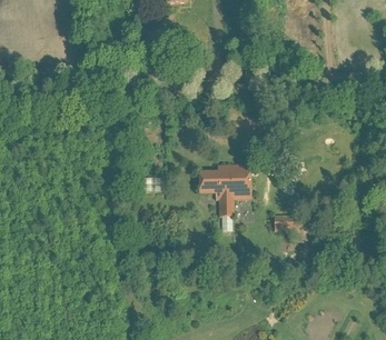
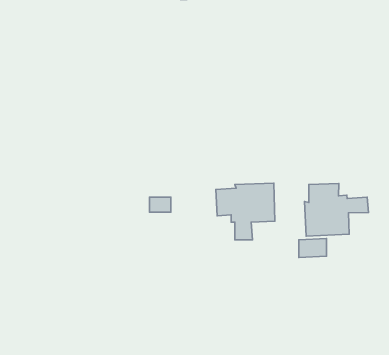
building: none -> [304,183,369,236]

